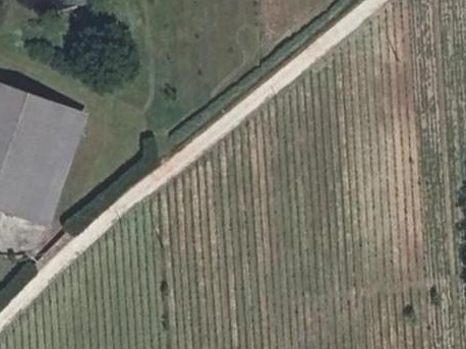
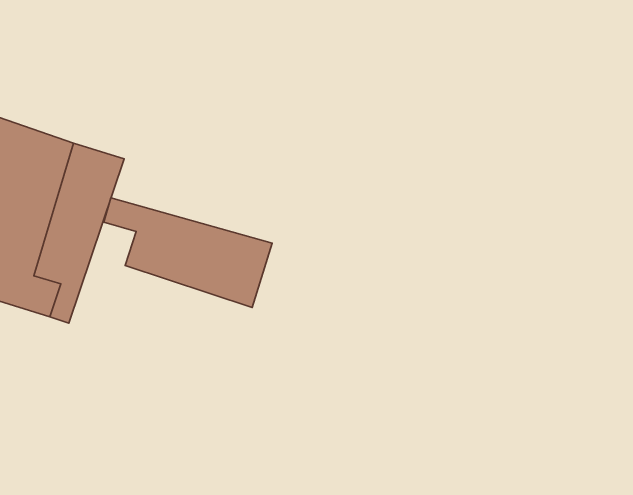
building: none -> [104,198,272,308]

